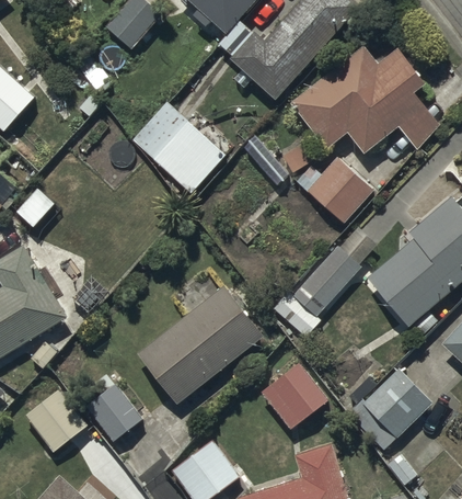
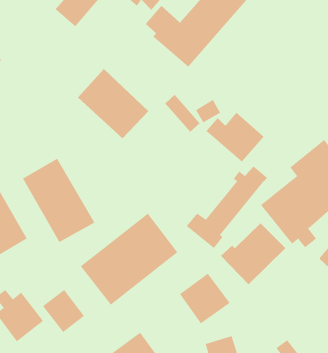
building: [292,48,437,156] -> none
building: none -> [22,158,95,243]
building: [347,368,431,449] -> [220,223,286,285]

